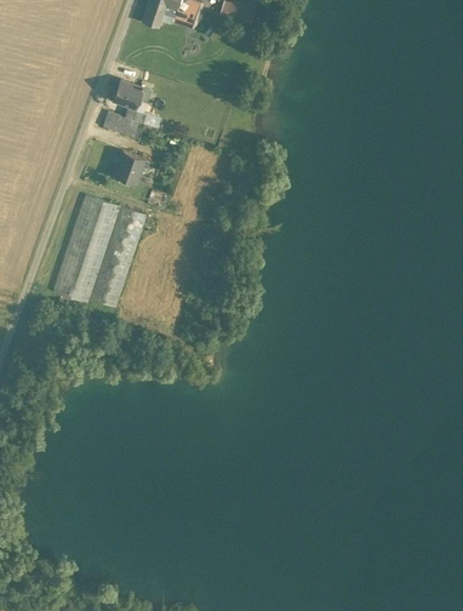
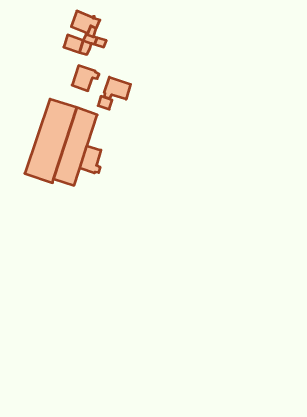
building: none -> [104,77,131,99]
building: none -> [80,146,101,173]

